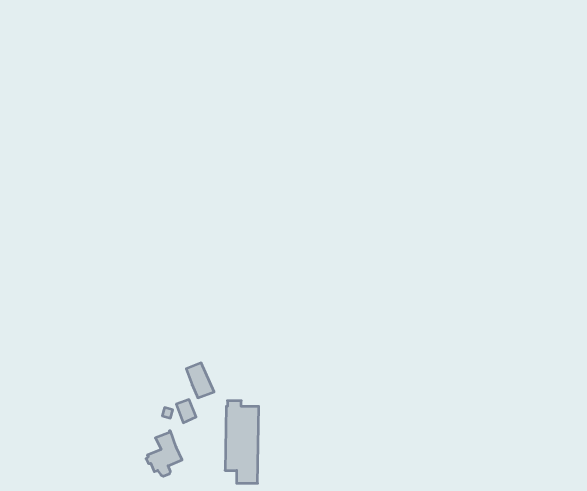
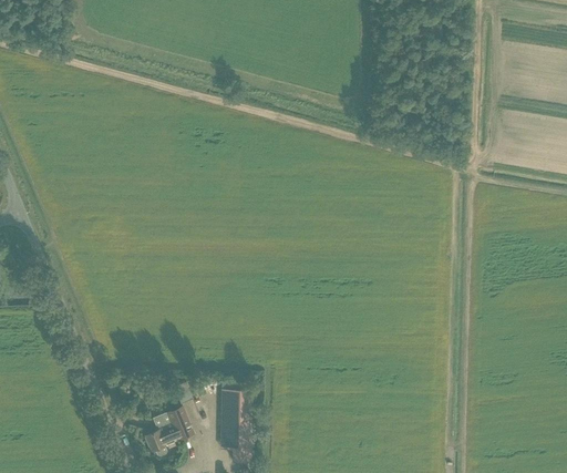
building: [186,363,214,398] -> [164,408,190,441]

